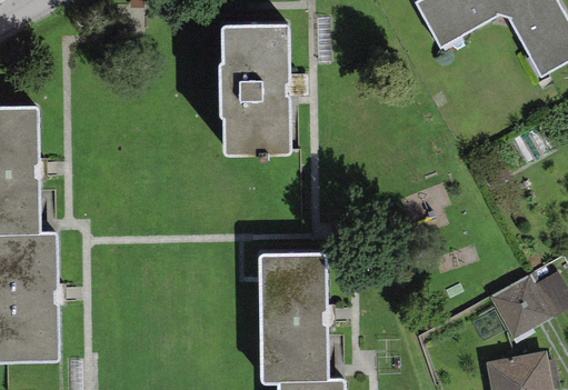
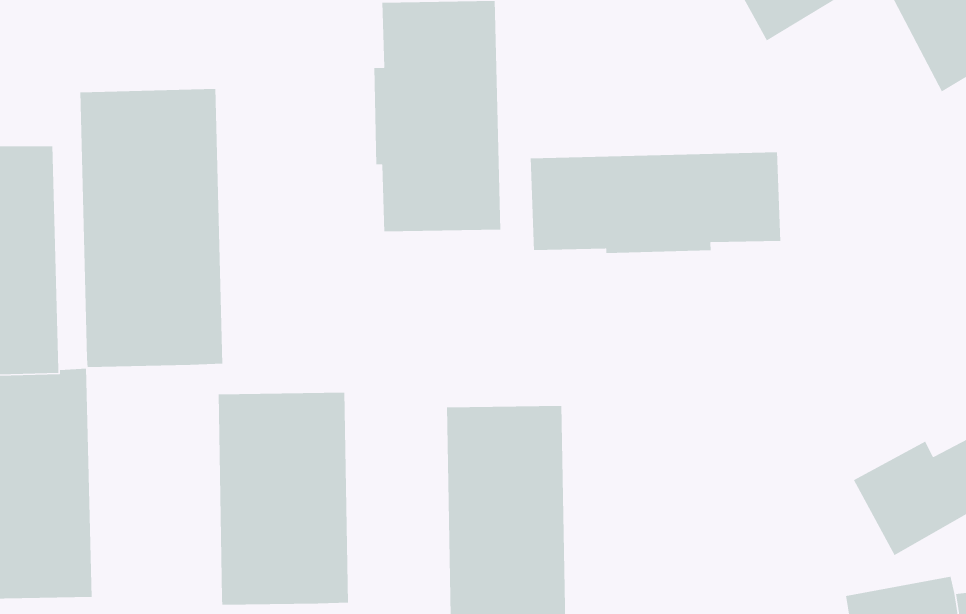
building: none -> [80,88,223,368]
building: none -> [530,151,781,254]
building: none -> [218,392,349,605]

